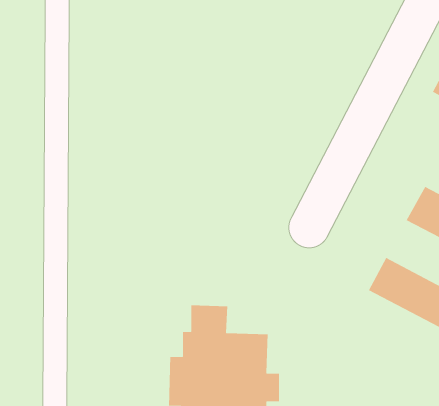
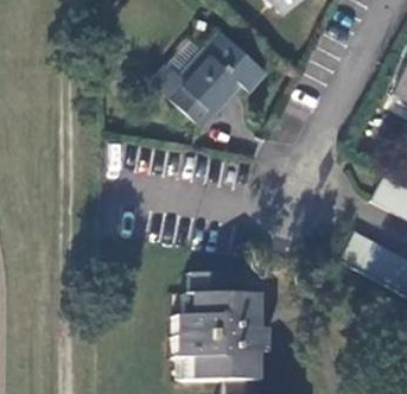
building: none -> [154,27,267,123]

